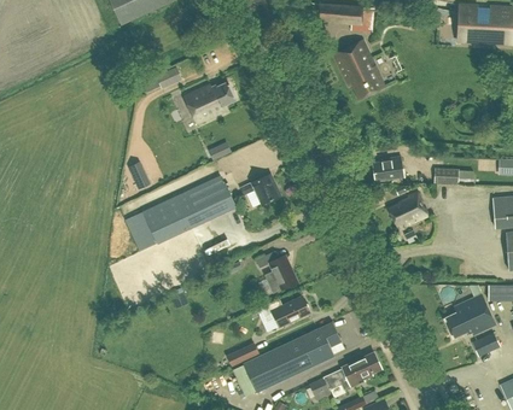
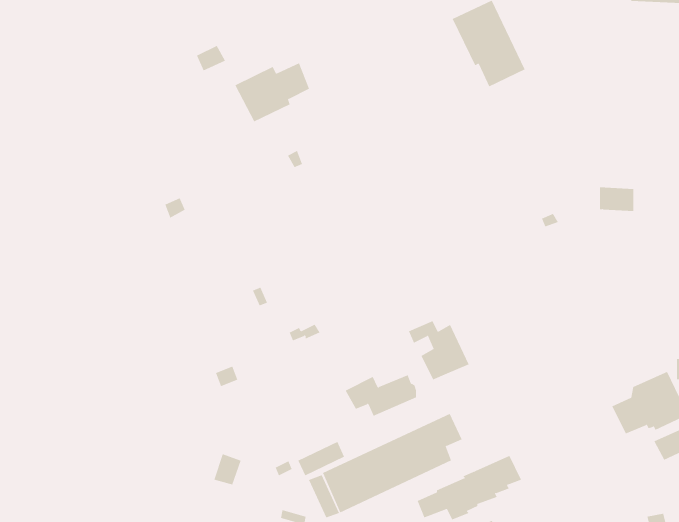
building: [373,157,403,181] -> none
building: [124,175,235,251] -> none
building: [240,176,280,204] -> none
building: [389,192,429,227] -> none
building: [256,252,298,293] -> [408,321,470,380]

